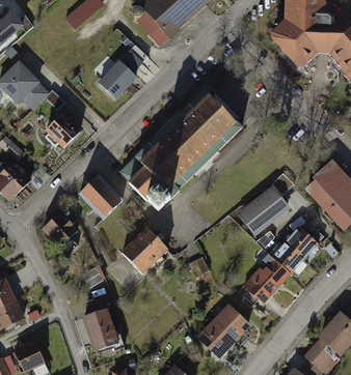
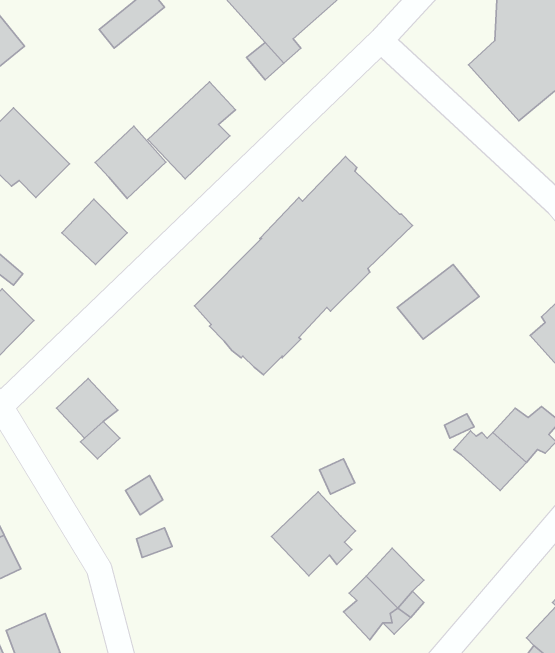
building: none -> [95,126,166,199]
building: [80,176,120,218] -> none
building: [240,190,286,231] -> [397,265,479,339]
building: [120,226,167,272] -> [272,492,356,576]
building: [243,254,290,301] -> none
building: [83,310,123,350] -> none

